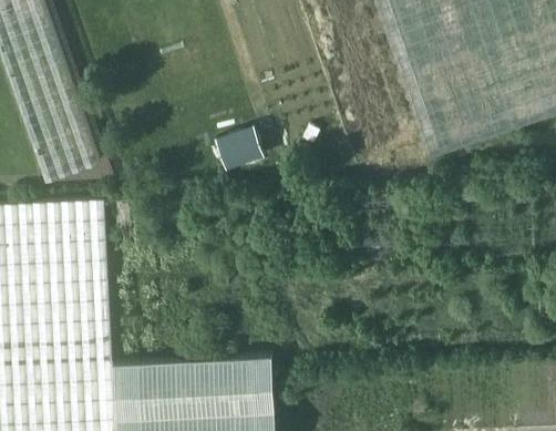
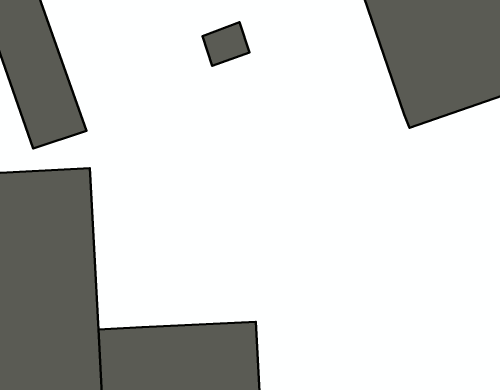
building: [216,129,264,173] -> [202,22,249,66]

